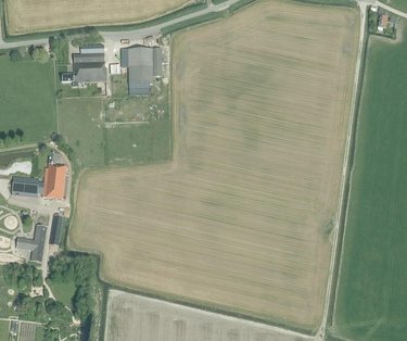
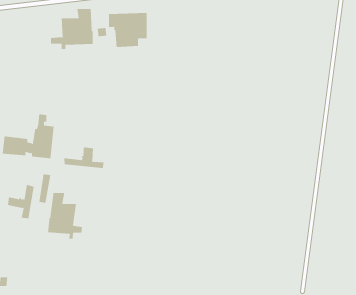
building: none -> [64,147,104,169]
building: none -> [48,192,83,239]

